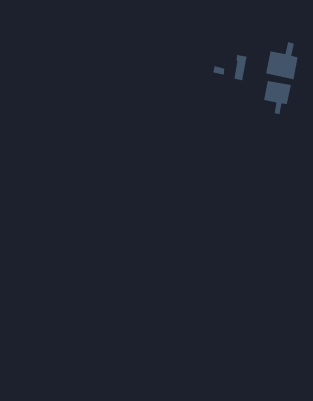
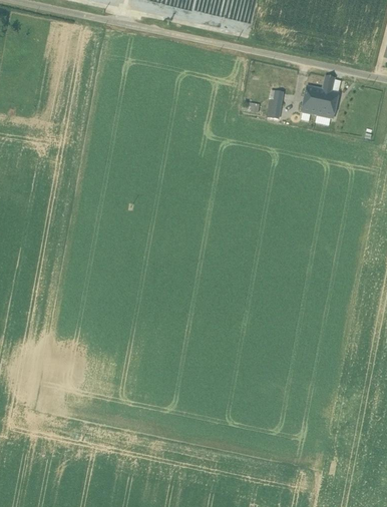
building: [263,80,292,115] -> none

